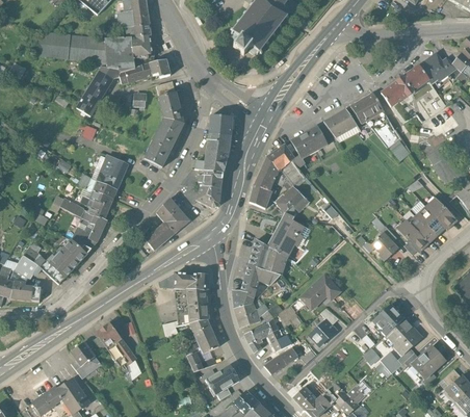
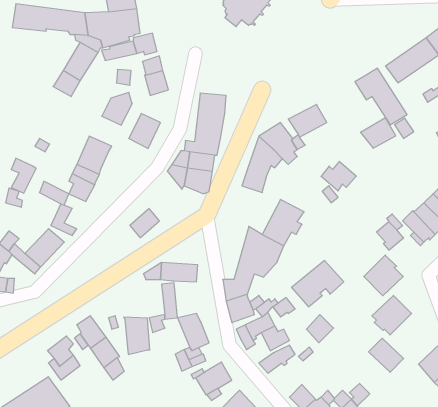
building: [323,108,356,136] -> [361,118,396,148]
building: [156,112,184,142] -> [102,92,132,125]
building: [276,188,308,215] -> [321,161,356,191]
building: [155,200,187,233] -> none
building: [85,208,108,240] -> [11,158,36,193]
building: [185,288,209,322] -> [124,317,150,354]
building: [385,318,421,356] -> [364,255,403,296]

